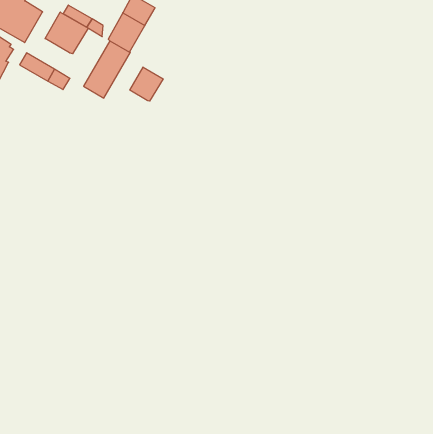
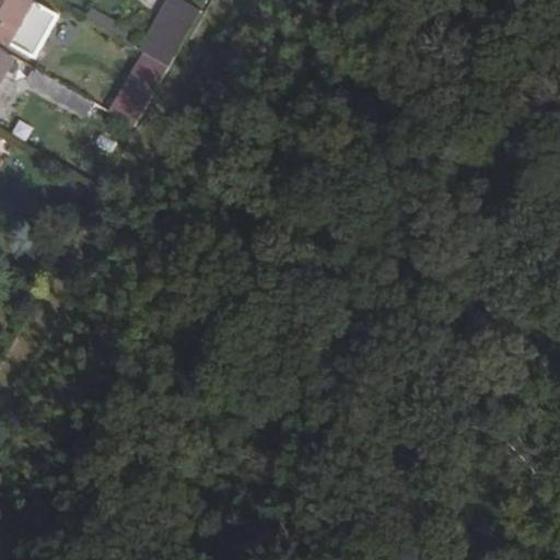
building: [45,12,88,54] -> none
building: [130,67,163,101] -> none

